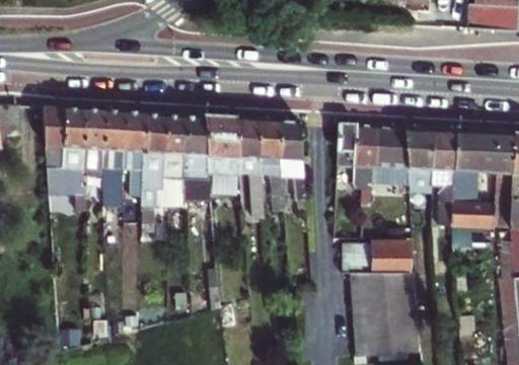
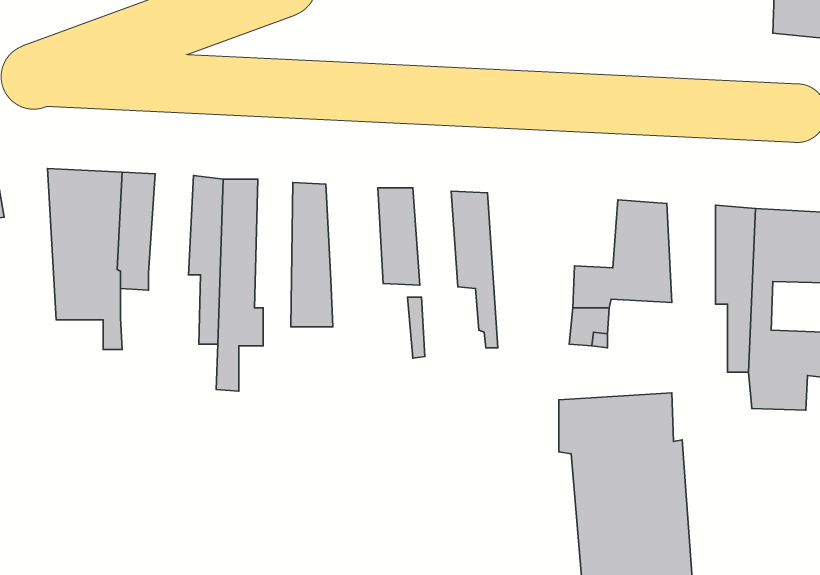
building: [102,110,129,218] -> none
building: [164,113,187,211] -> none
building: [206,116,241,199] -> none
building: [256,118,285,211] -> none
building: [337,123,376,164] -> none
building: [404,127,433,191] -> none

